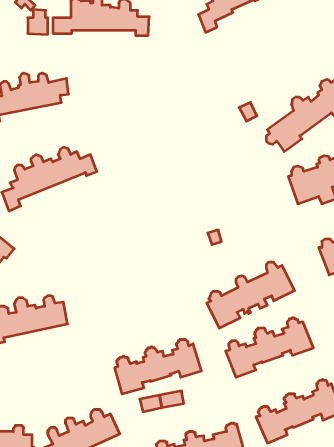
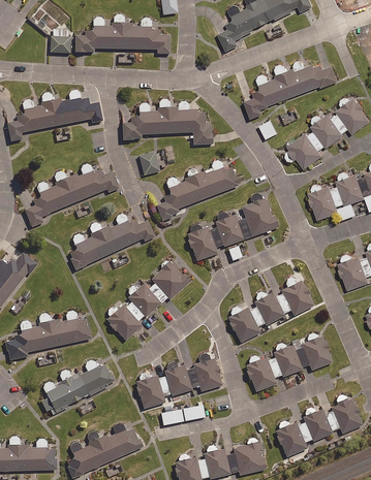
building: none -> [245,60,338,118]
building: none -> [122,98,212,145]
building: none -> [140,152,167,174]
building: none -> [157,160,239,221]
building: none -> [187,193,278,260]
building: none -> [69,214,155,269]
building: none -> [107,260,189,341]
building: none -> [41,360,115,415]

